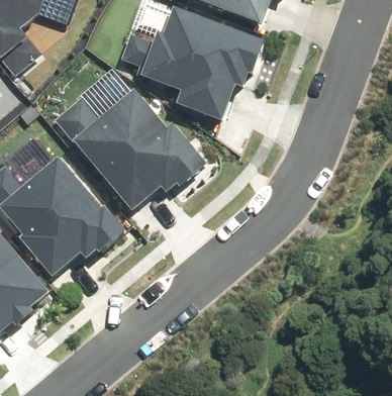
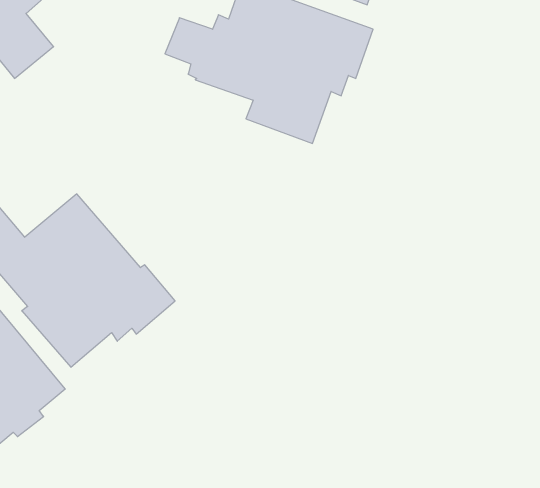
building: [53,88,207,209] -> none

